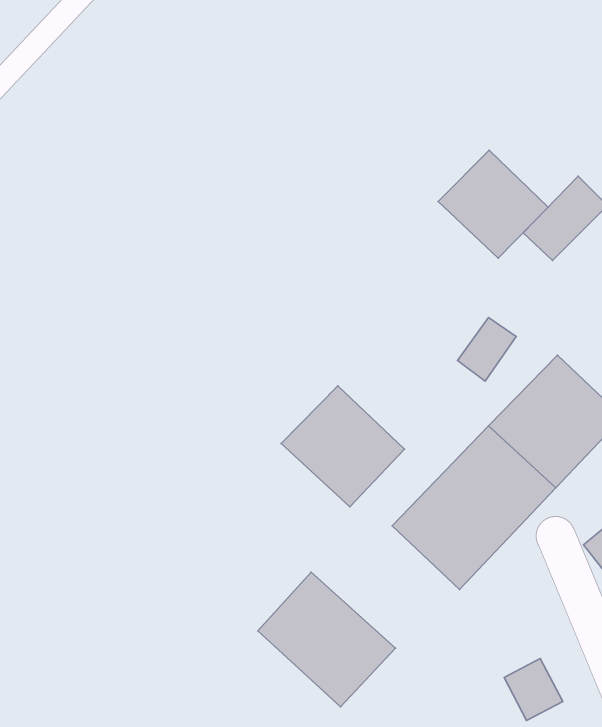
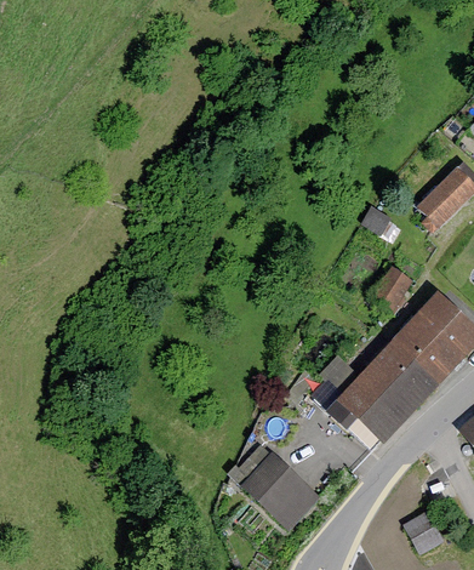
building: [438,150,548,258] -> none
building: [281,386,405,507] -> none

